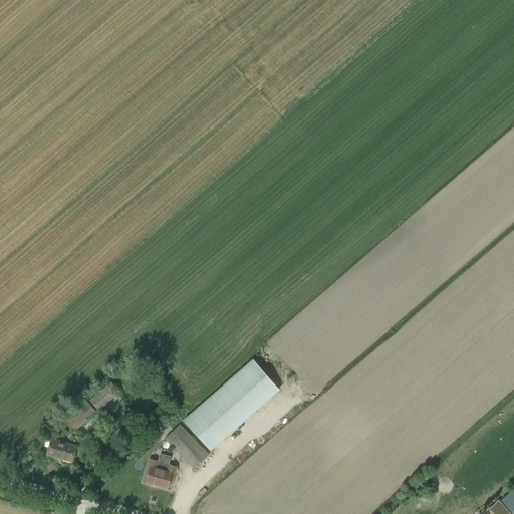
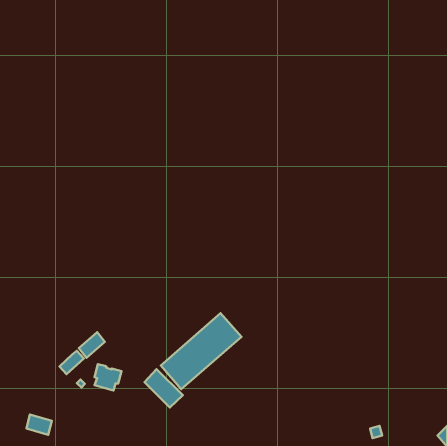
building: [47,440,76,463] -> [26,415,52,435]
building: [146,460,177,490] -> [94,364,122,390]

